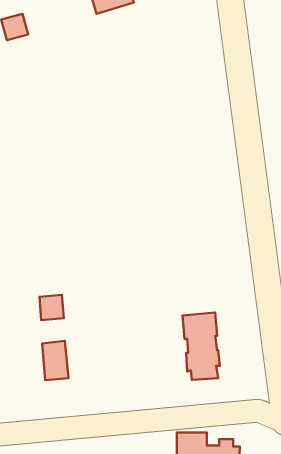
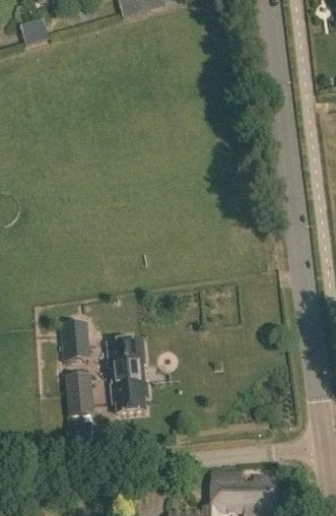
building: [183,313,220,380] -> [109,339,149,412]

